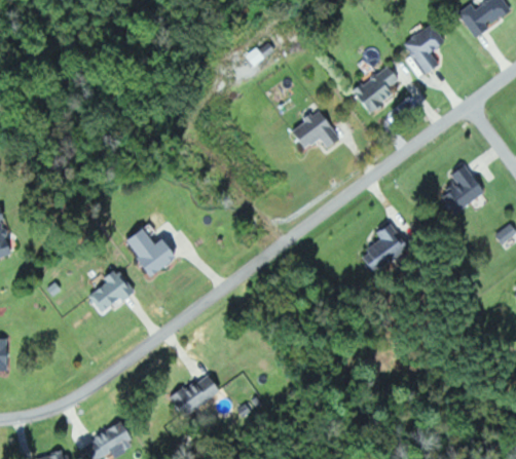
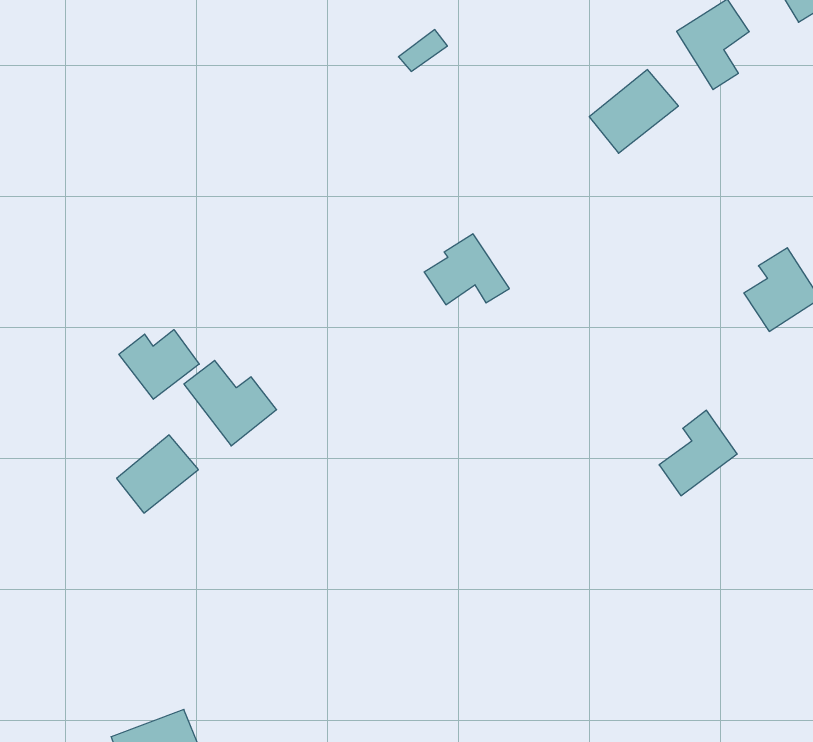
building: [291,109,339,149] -> [424,234,509,305]
building: none -> [119,330,199,399]
building: [362,223,406,271] -> [659,410,737,496]
building: [167,374,219,419] -> none

